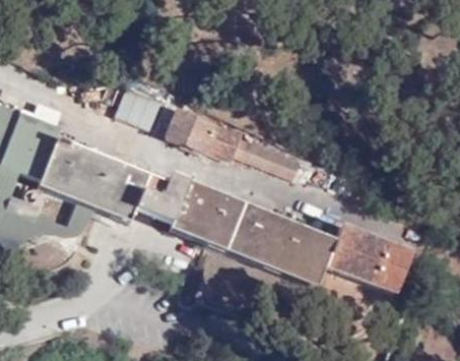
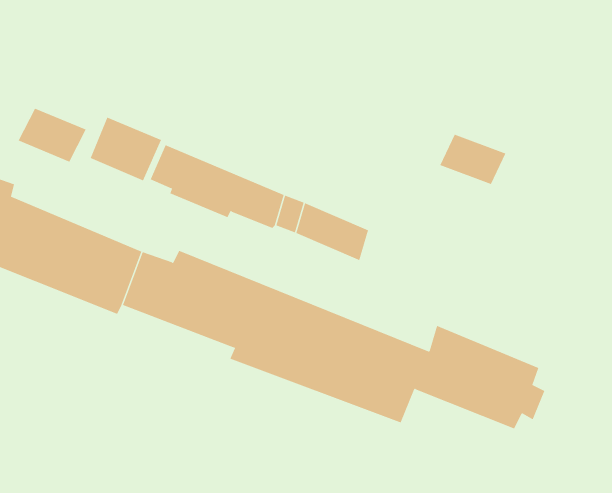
building: none -> [18,108,87,163]
building: none -> [440,134,506,185]

